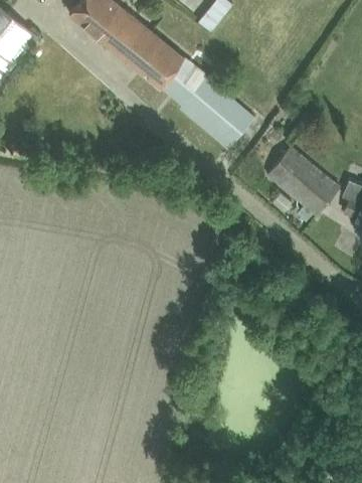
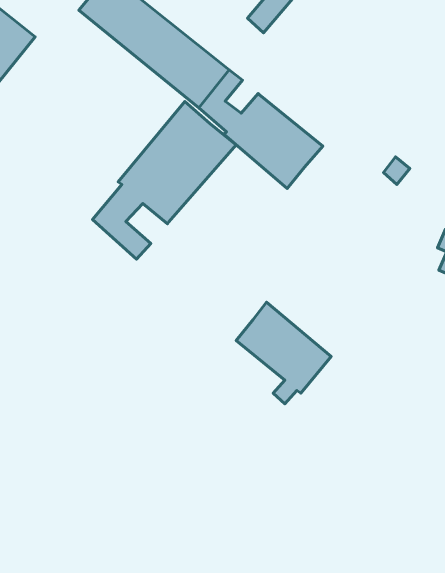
building: none -> [93,102,236,259]
building: [268,145,341,222] -> [236,302,331,404]

